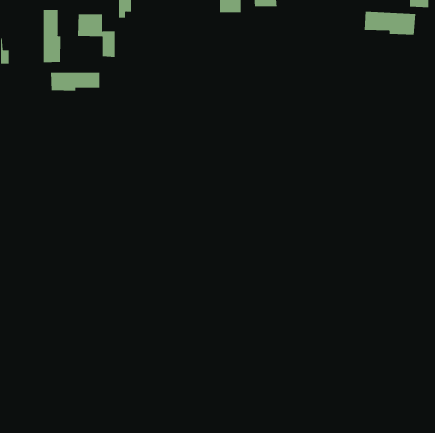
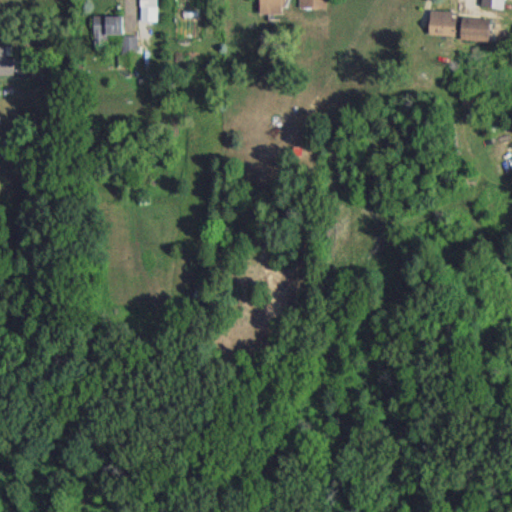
building: [43,9,61,63] -> none
building: [51,72,100,91] -> none

